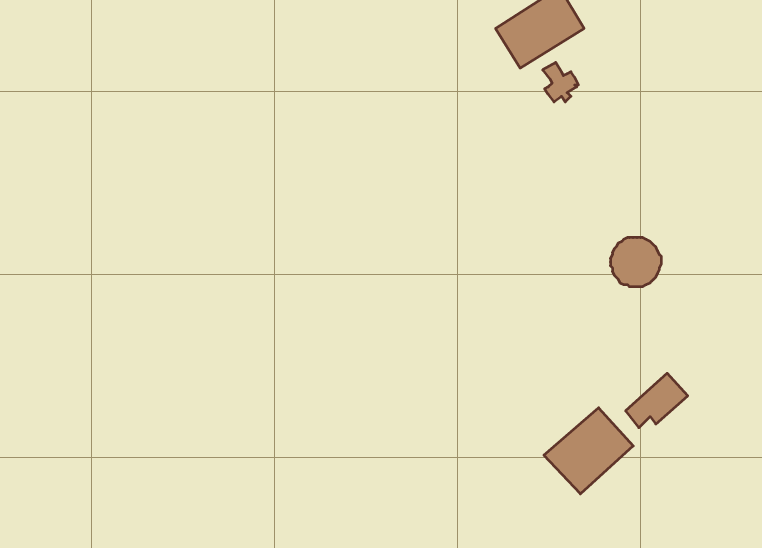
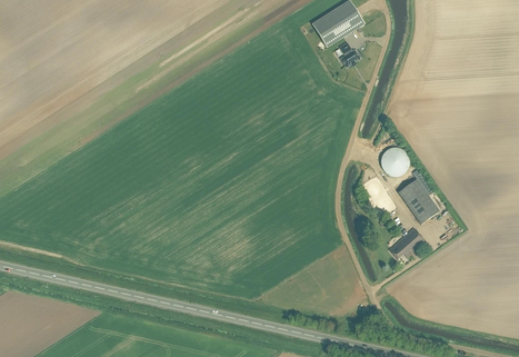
building: none -> [398,178,439,224]
building: [544,408,633,494] -> none

